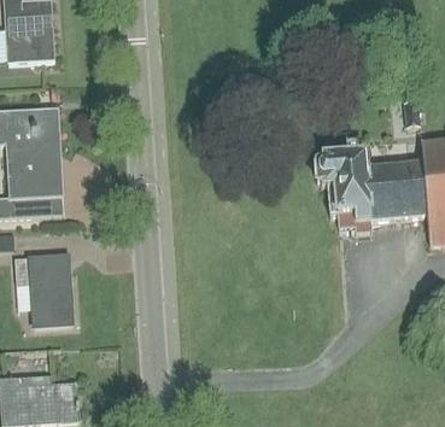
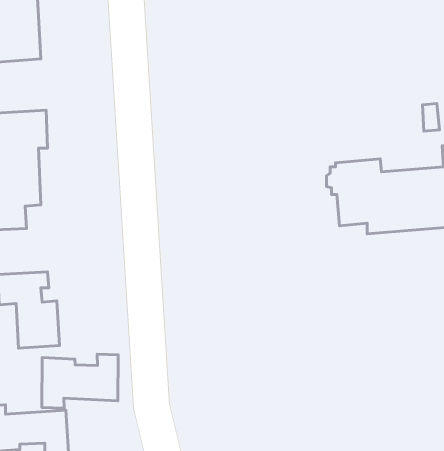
building: none -> [42,354,118,408]

